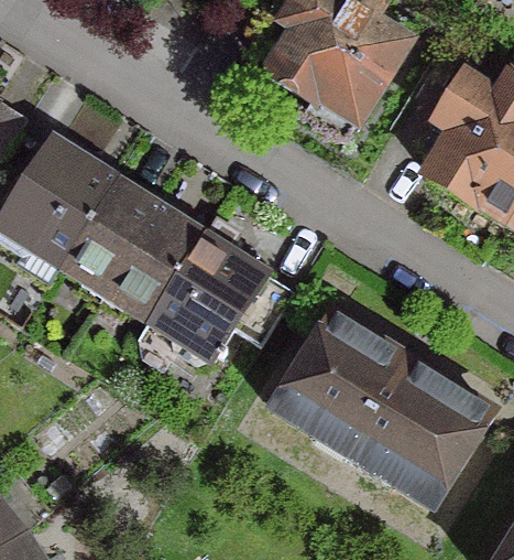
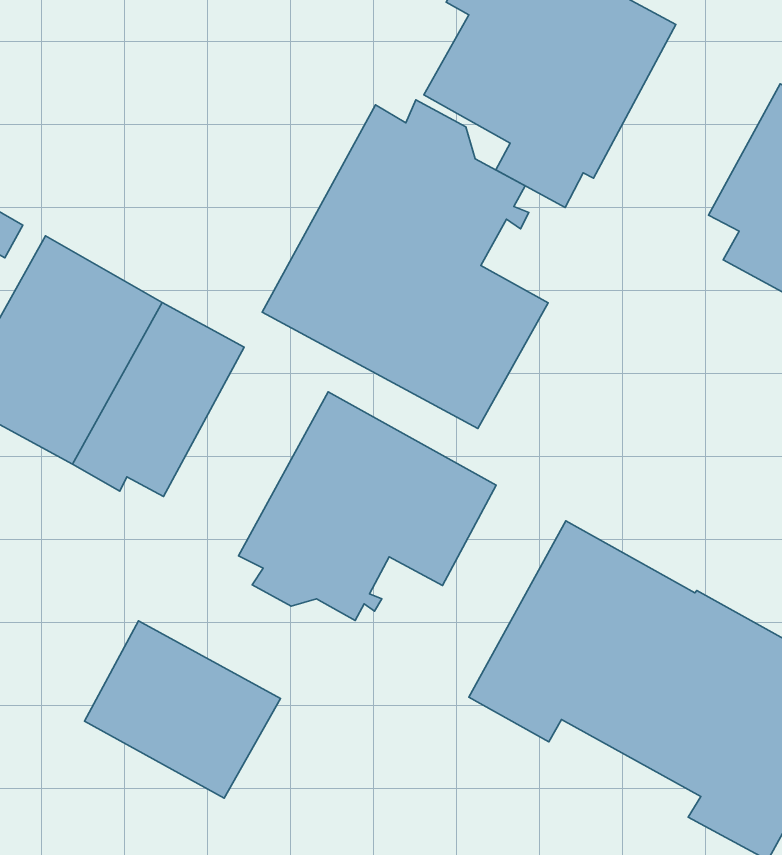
building: none -> [262,100,548,428]
building: [107,203,201,319] -> none
building: none -> [84,621,280,798]

